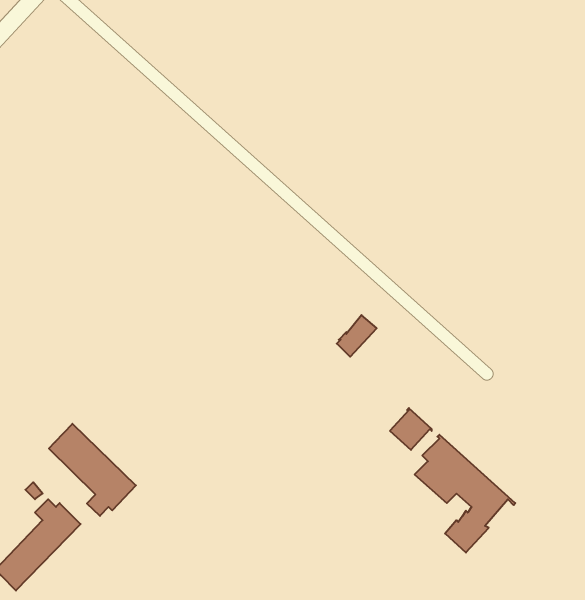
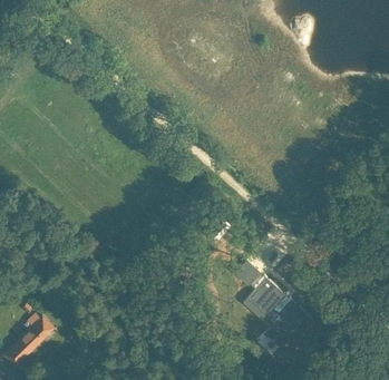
building: [49,424,136,516] -> none

